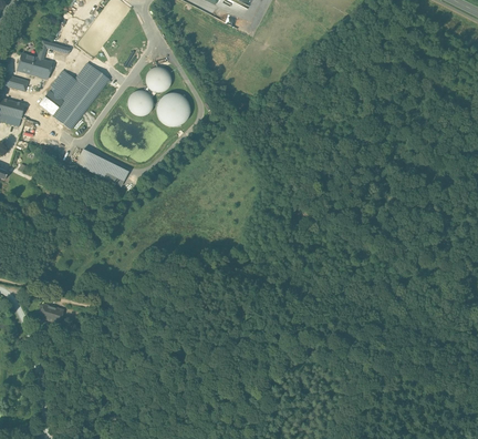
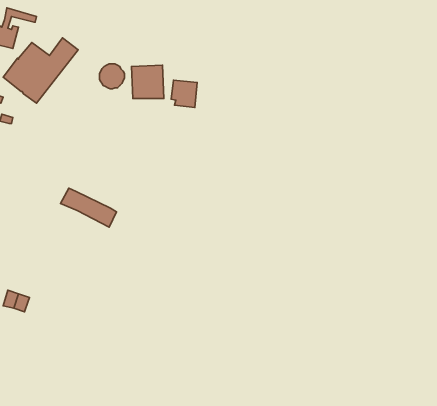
building: [146,67,170,92] -> [171,80,197,107]
building: [75,150,127,186] -> [61,188,116,227]

